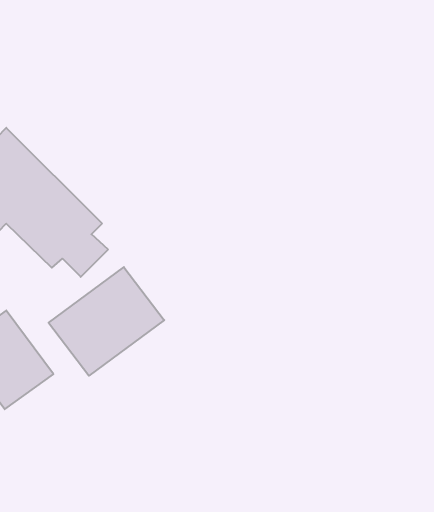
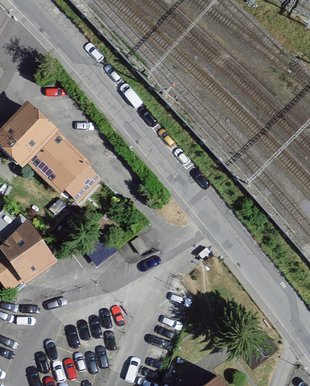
building: [49,267,164,376] -> none

